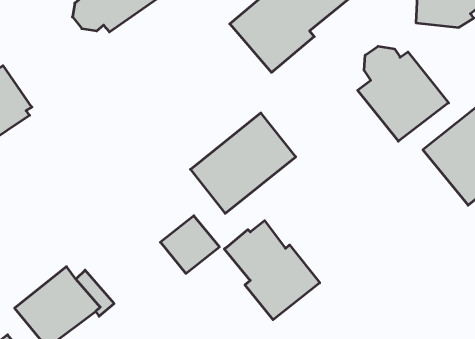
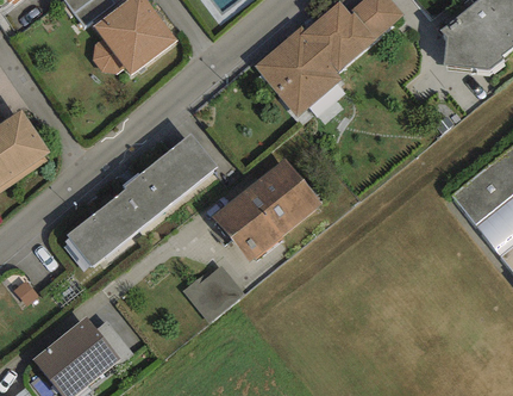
building: [358,46,449,141] -> none
building: none -> [65,134,215,267]
building: [224,221,320,320] -> none

